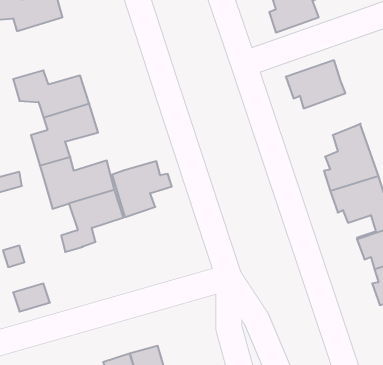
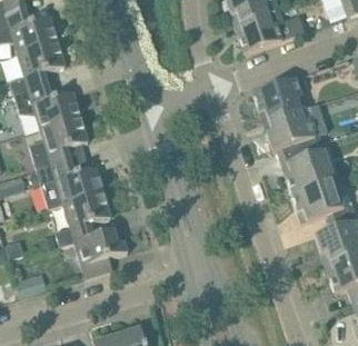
building: none -> [10,39,66,93]
building: none -> [267,106,315,149]
building: [111,161,172,217] -> [74,228,128,277]

